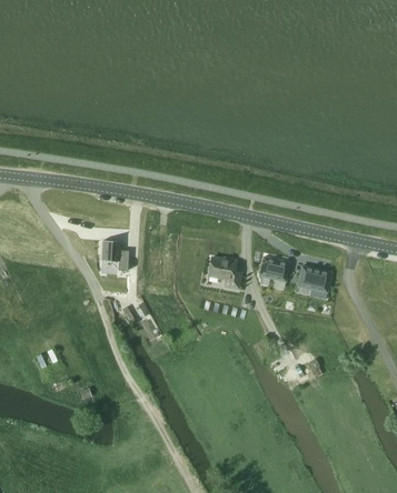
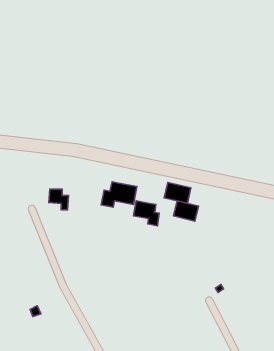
building: none -> [101,182,137,207]
building: [297,266,330,292] -> [164,183,191,203]

